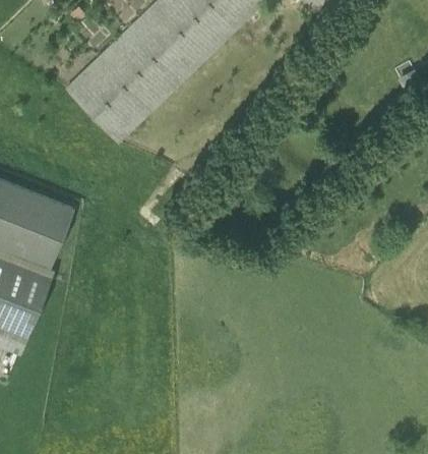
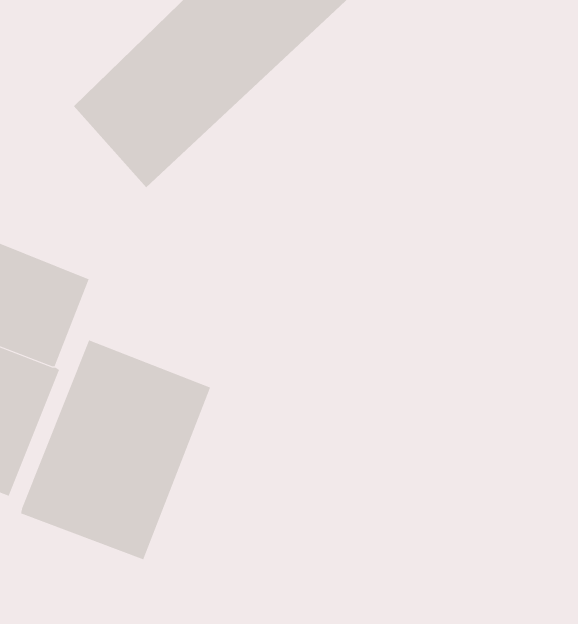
building: none -> [20,339,211,560]

